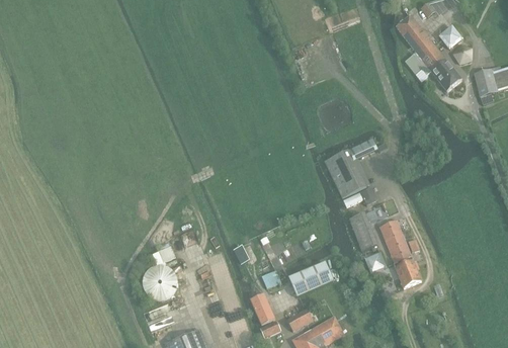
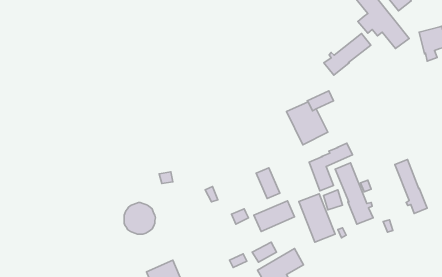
building: none -> [324,33,371,75]
building: none -> [395,160,427,214]
building: none -> [256,168,280,199]
building: none -> [299,194,335,242]
building: [250,295,273,325] -> none

